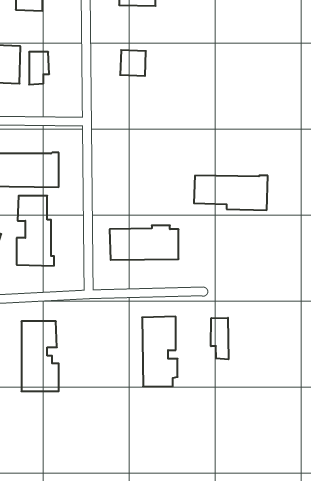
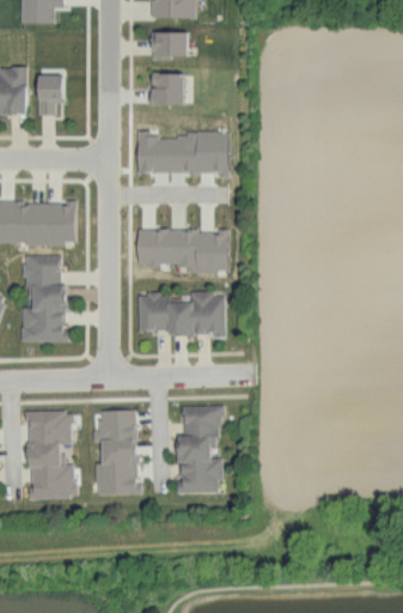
building: none -> [151,31,187,56]
building: none -> [138,133,227,176]
building: [194,176,268,210] -> [136,229,228,272]
building: [211,318,228,359] -> none
building: none -> [93,409,141,494]

